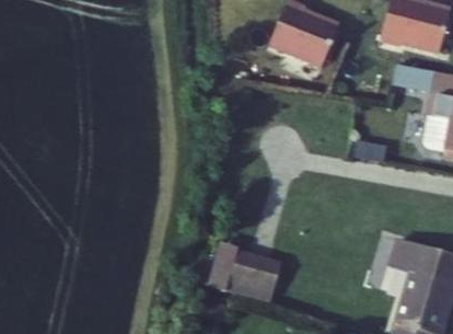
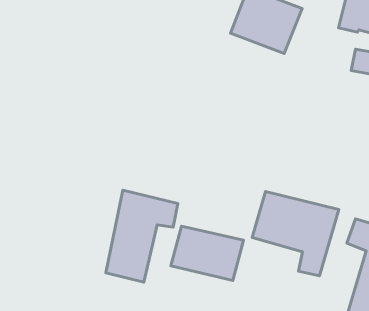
building: none -> [106,190,178,282]
building: none -> [252,191,339,276]

